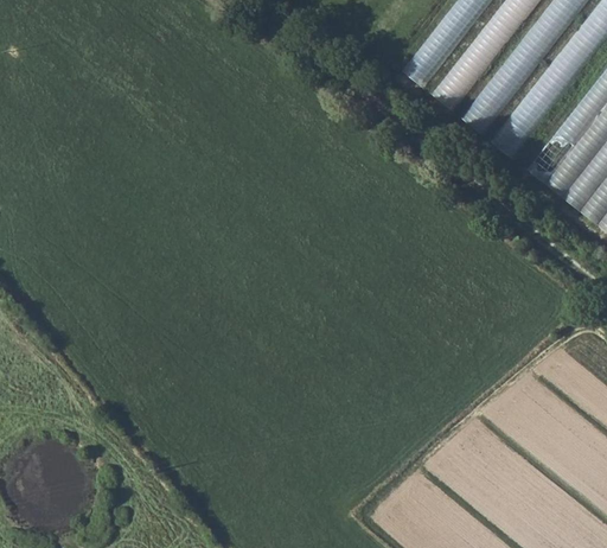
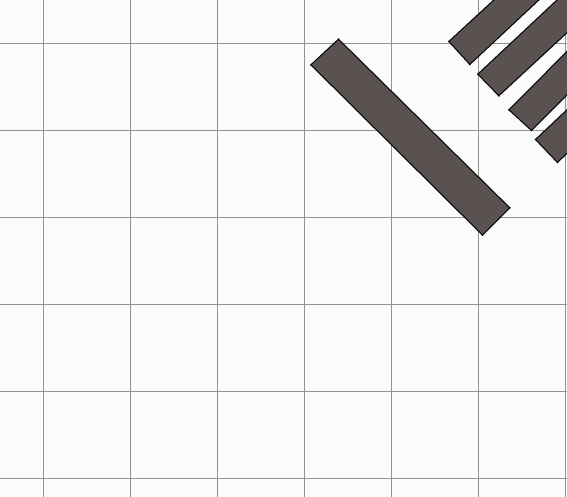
building: none -> [311,39,510,235]

